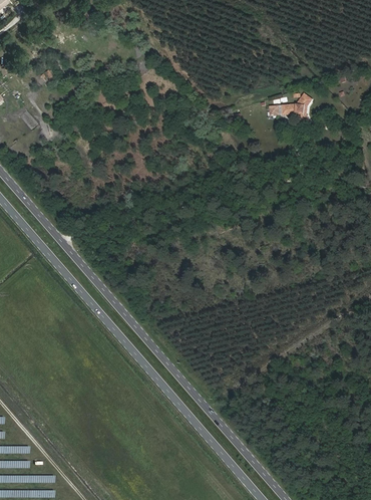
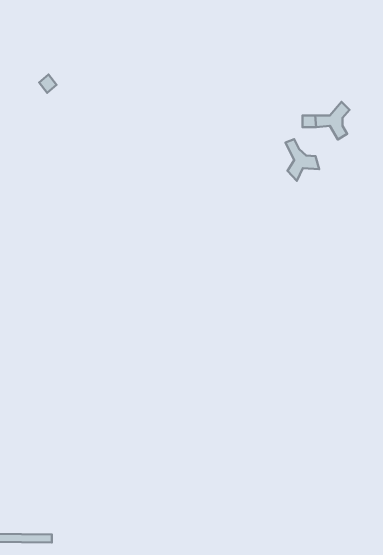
building: none -> [286,139,319,181]

